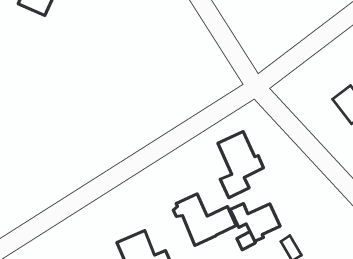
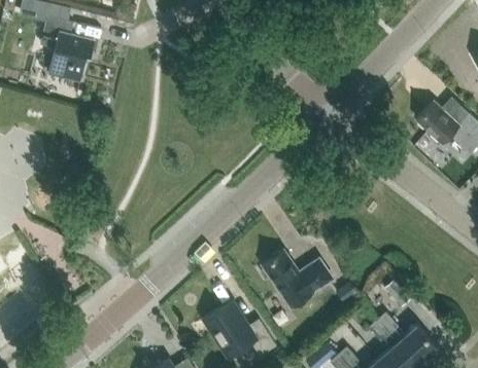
building: [218,131,264,198] -> none
building: [230,204,280,241] -> none

